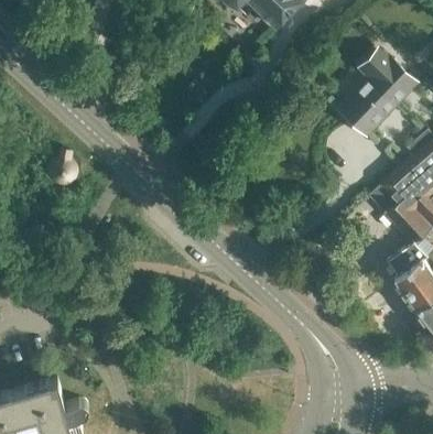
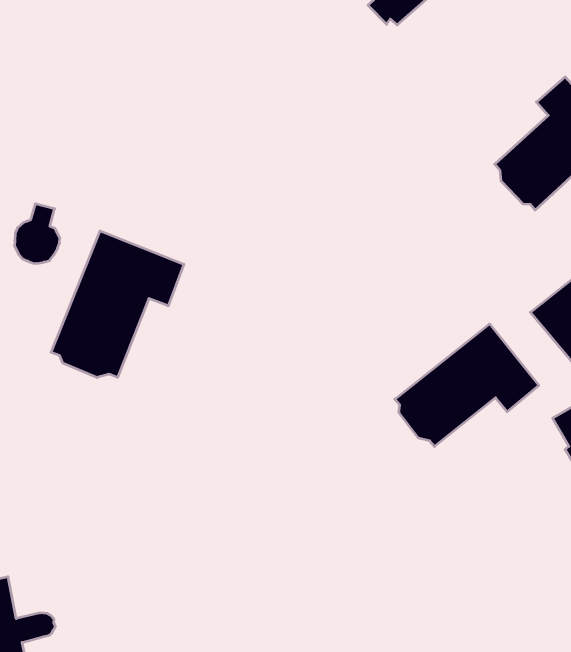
building: none -> [51,231,184,378]
building: none -> [395,324,539,447]

